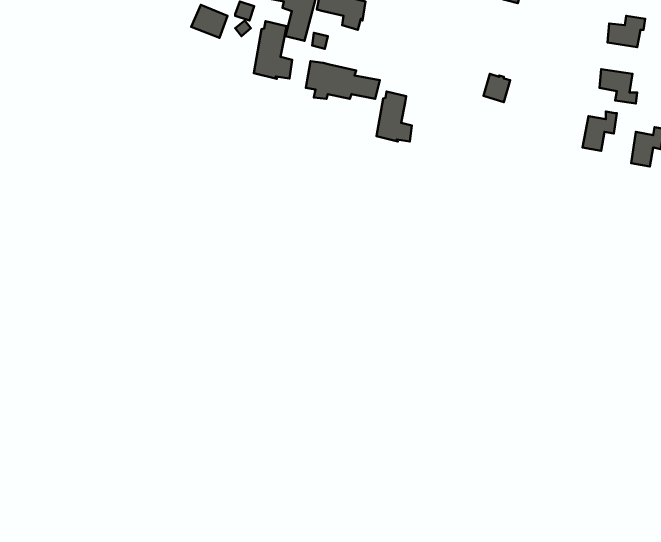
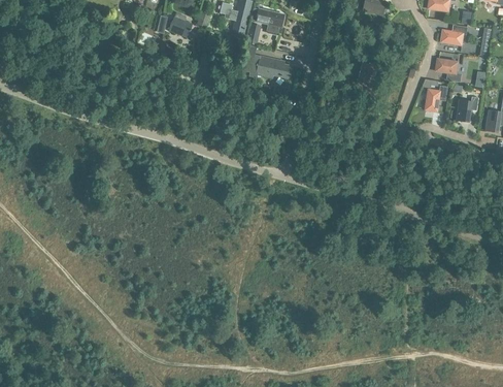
building: [254,21,292,79] -> none
building: [377,92,412,142] -> none

